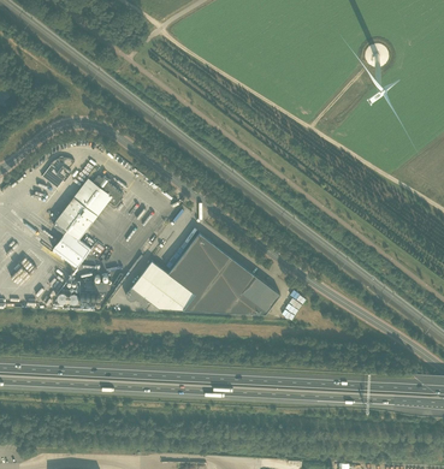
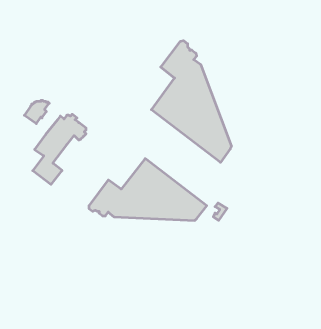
building: none -> [151,41,231,162]

